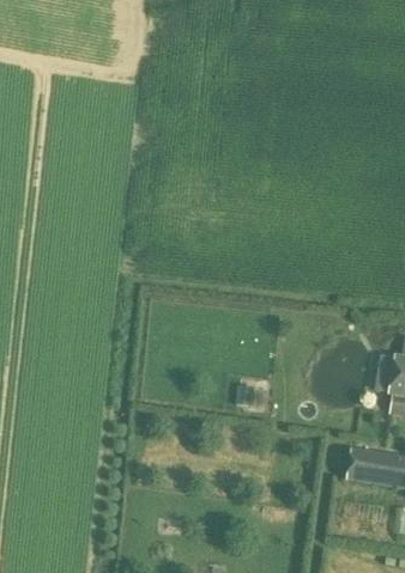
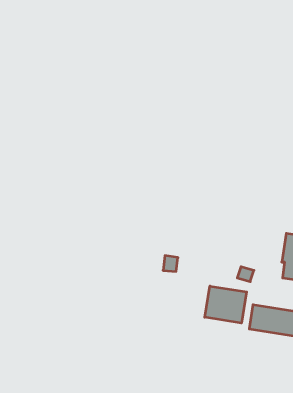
building: none -> [205,286,247,323]

